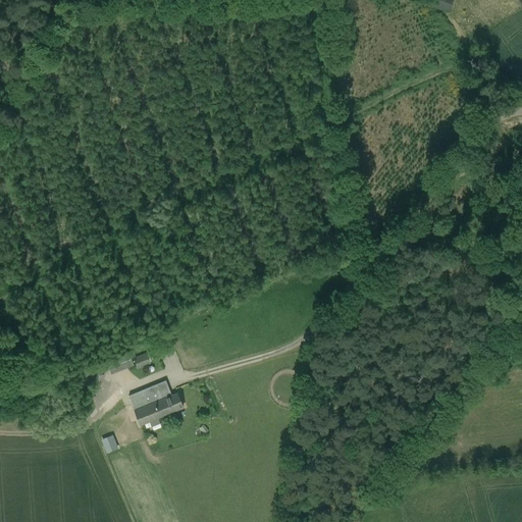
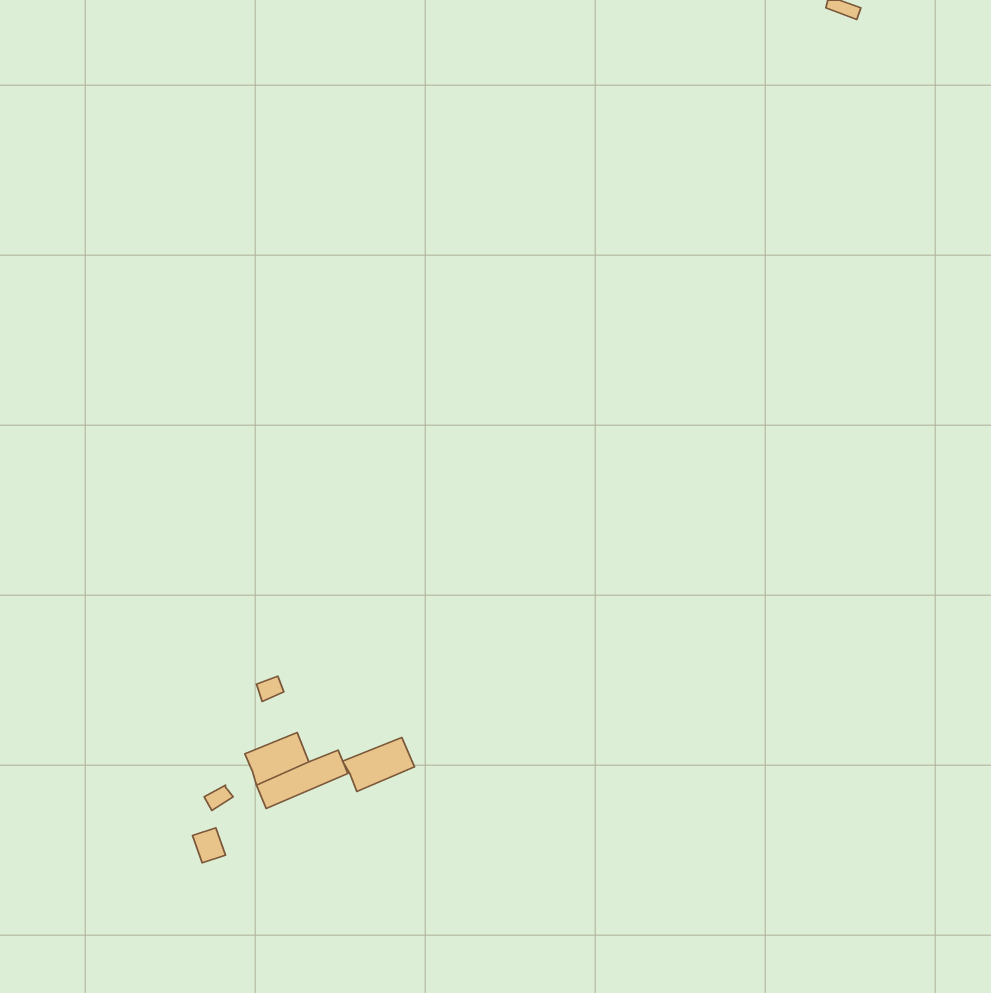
building: none -> [343,738,414,791]

